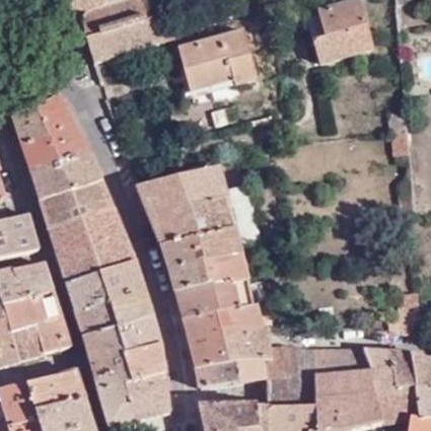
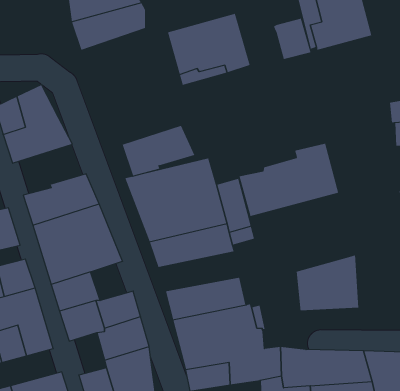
building: none -> [273,18,311,60]
building: none -> [239,143,339,217]
building: [31,152,101,201] -> [122,125,195,176]
building: [169,255,247,293] -> none
building: none -> [296,254,359,311]
building: [105,264,146,301] -> none
building: [85,332,121,372] -> none

